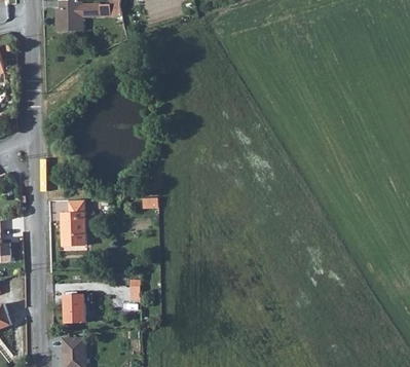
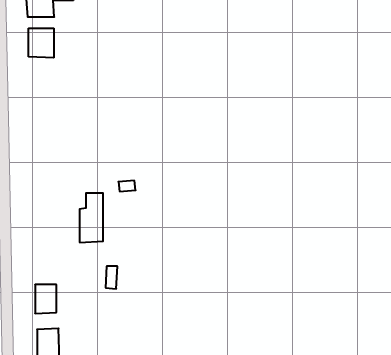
building: none -> [29,28,54,58]
building: [61,200,83,248] -> [80,193,103,242]

